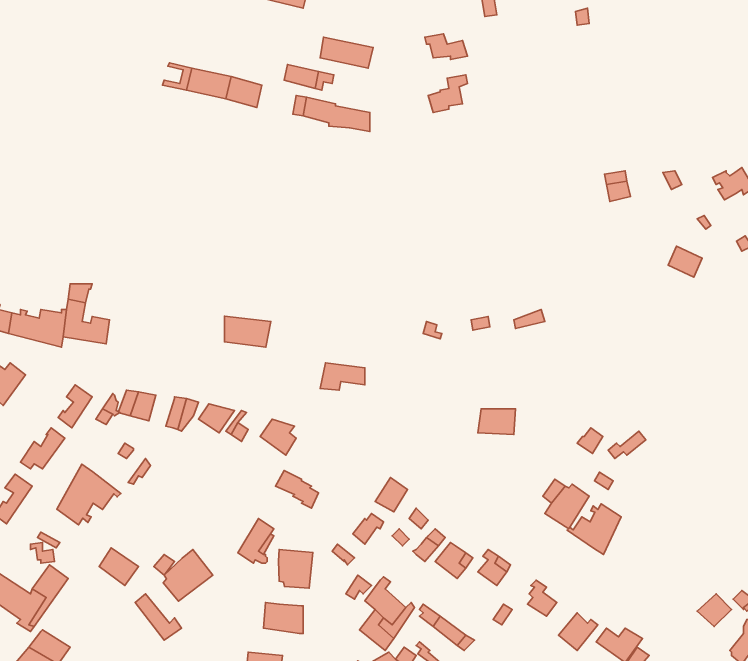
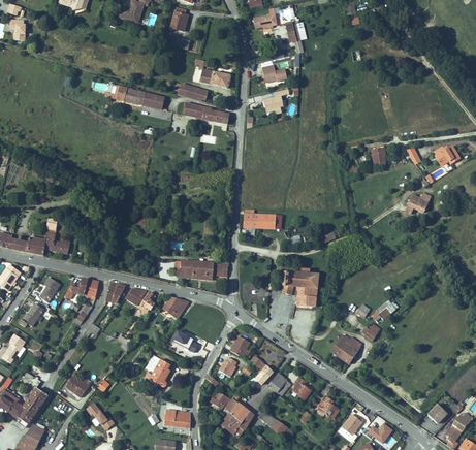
building: none -> [243,210,276,230]
building: [225,316,271,347] -> [173,260,201,279]
building: none -> [278,270,317,295]
building: [57,464,121,525] -> none
building: [567,504,621,555] -> none
building: [163,549,213,601] -> none
building: [278,550,313,588] -> none

